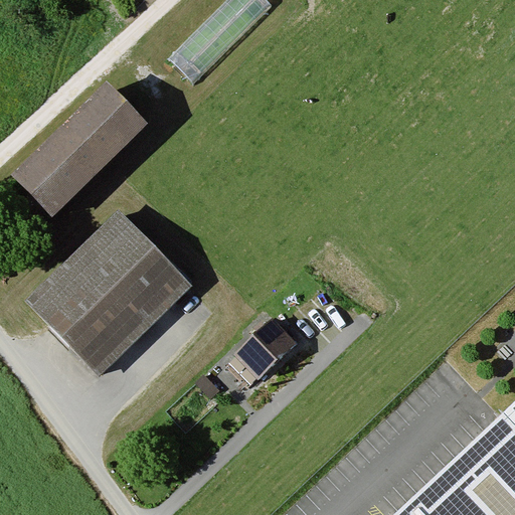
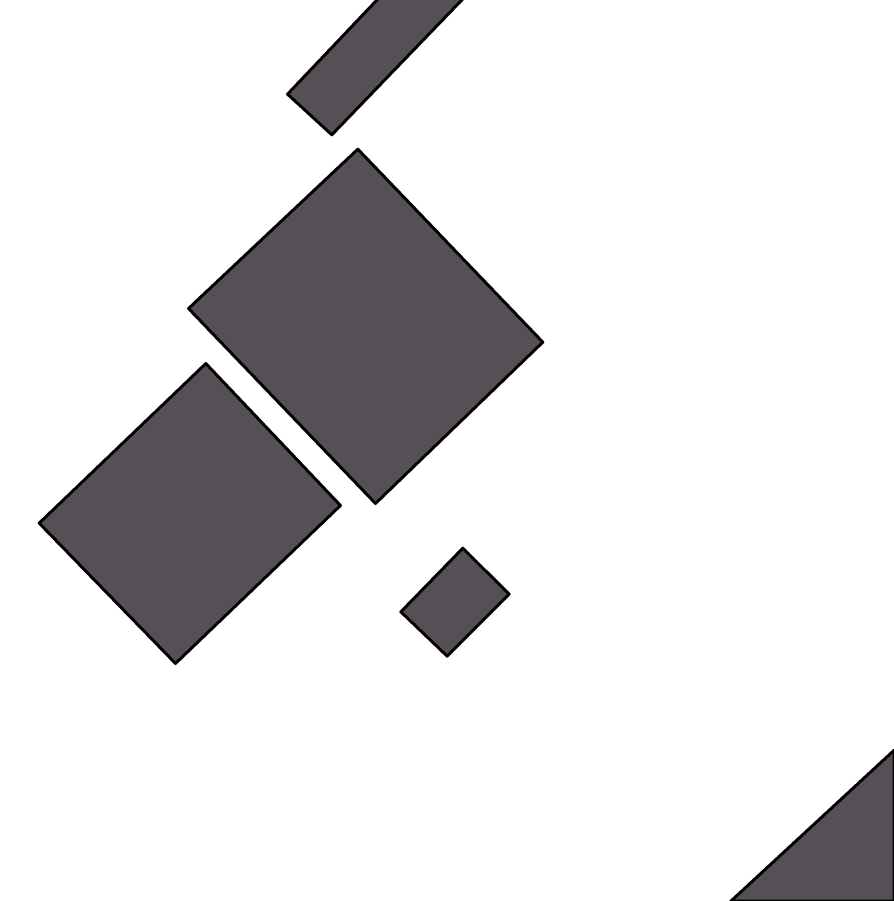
building: [14,82,151,217] -> none
building: none -> [189,149,543,504]

